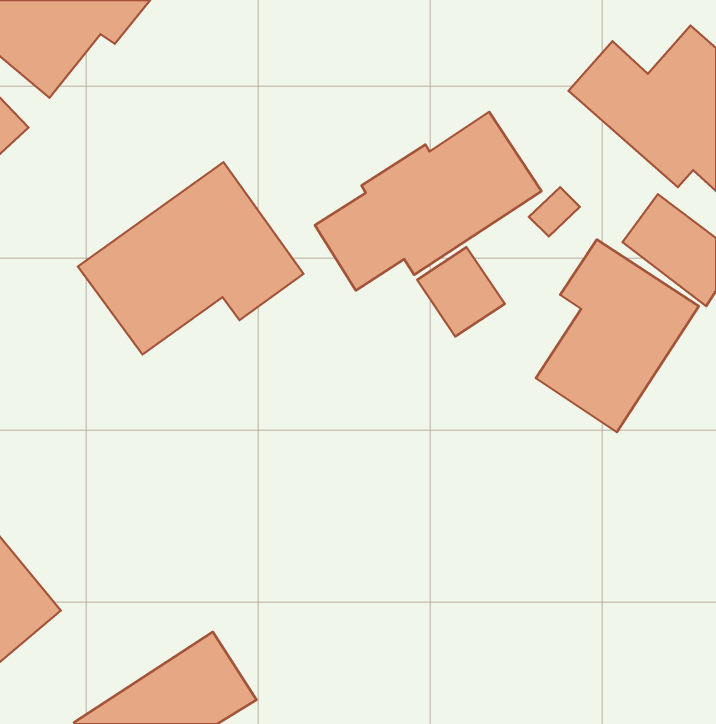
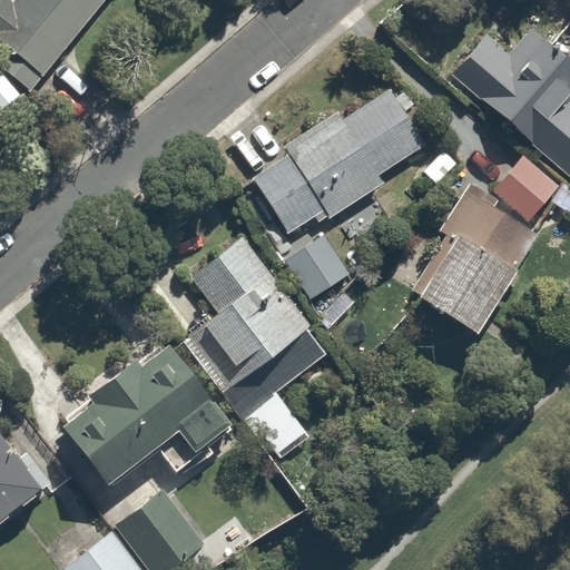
building: [78,162,303,355] -> none
building: [417,247,505,336] -> [284,232,353,302]
building: none -> [185,234,324,399]
building: none -> [63,345,238,518]

